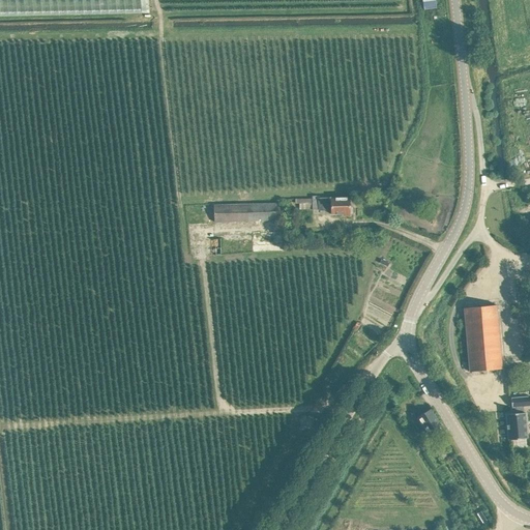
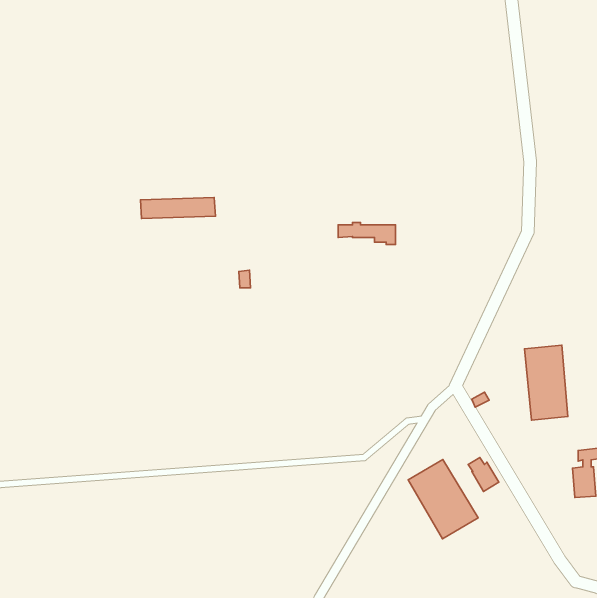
building: [214,204,281,223] -> [140,197,215,219]
building: none -> [408,460,478,539]

